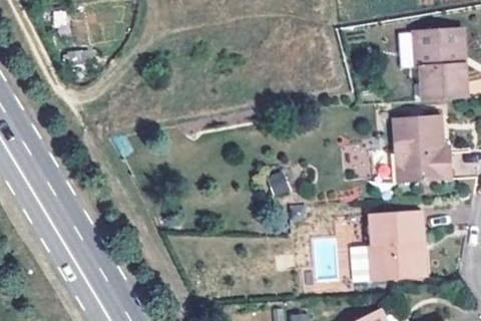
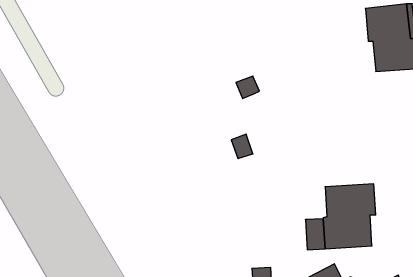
building: [385,114,448,184] -> none

